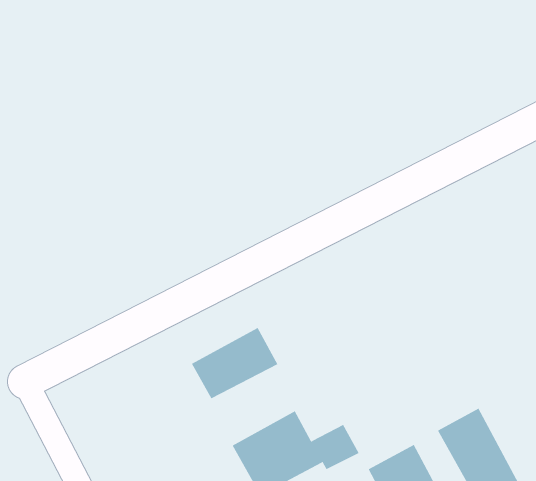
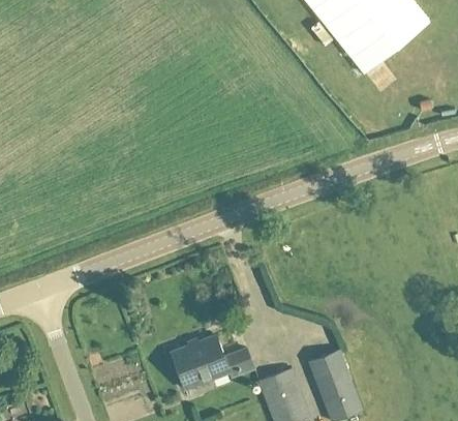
building: [191,327,278,399] -> none

